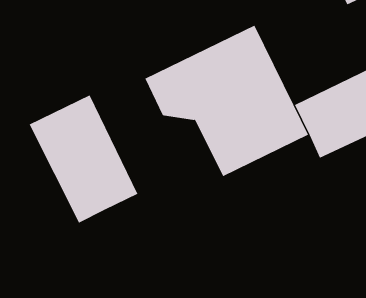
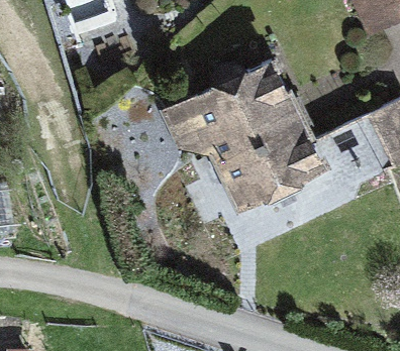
building: [29,94,138,224] -> none

